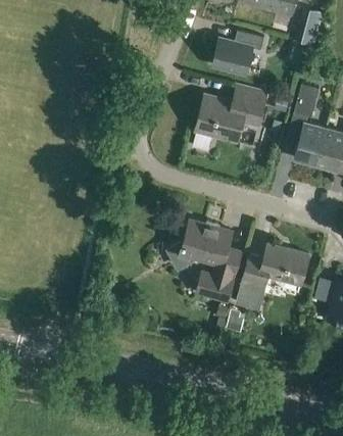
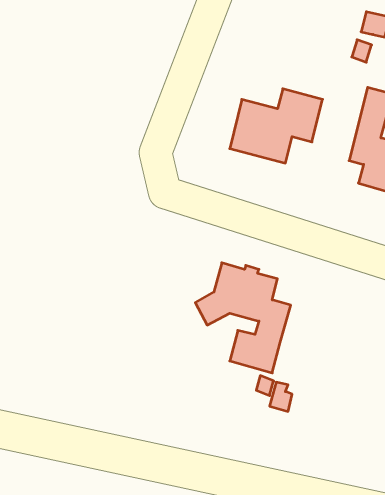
building: [213,30,265,72] -> none
building: [237,243,309,309] -> none

